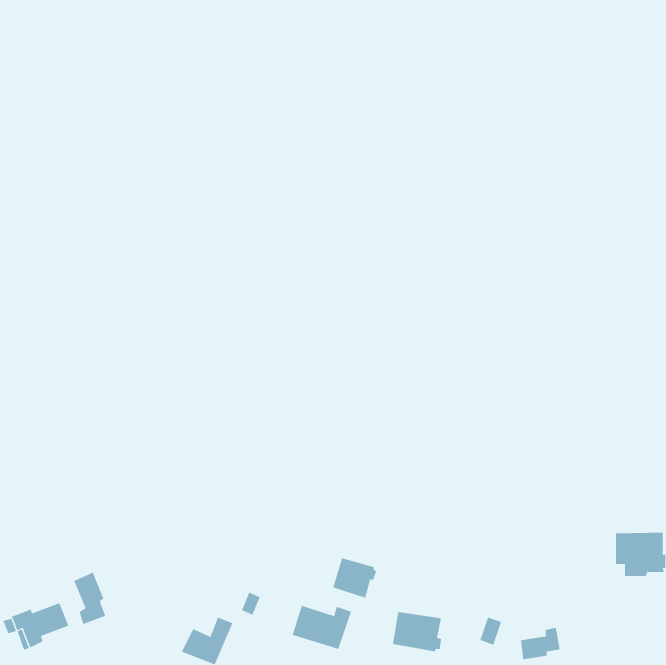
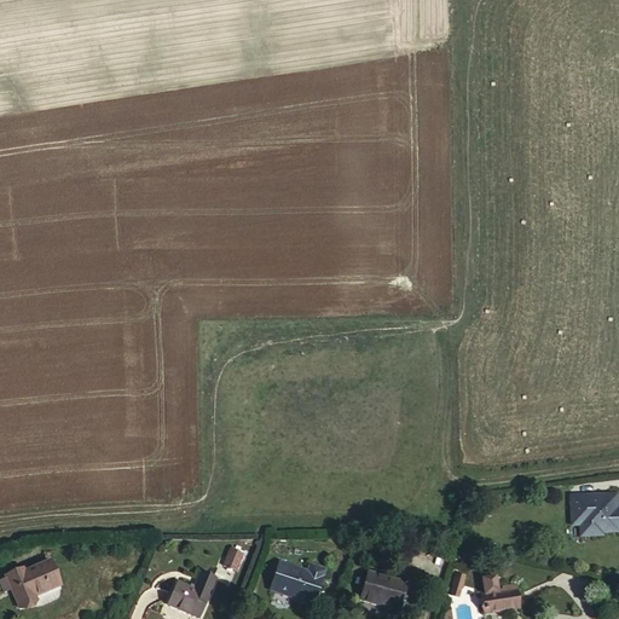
building: [333,558,377,599] -> none
building: [74,572,106,625] -> none

